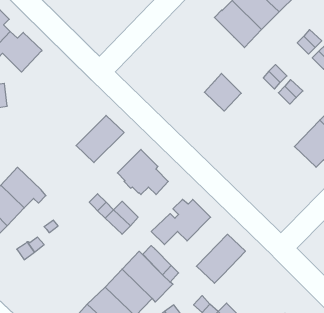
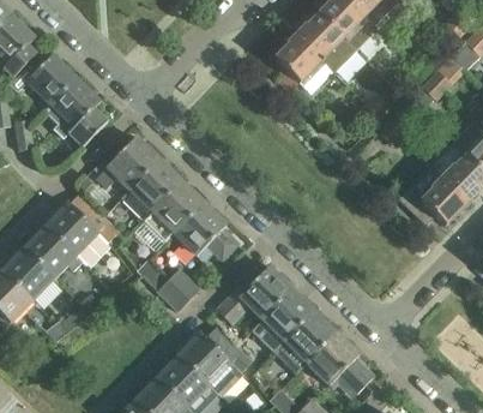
building: none -> [44,78,108,146]
building: [204,73,241,111] -> [274,35,321,83]
building: none -> [96,137,158,190]
building: none -> [143,181,203,241]
building: none -> [46,193,119,265]
building: none -> [252,289,313,352]
building: none -> [307,333,374,393]

